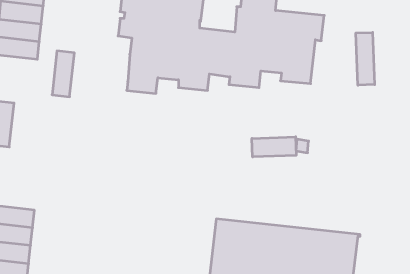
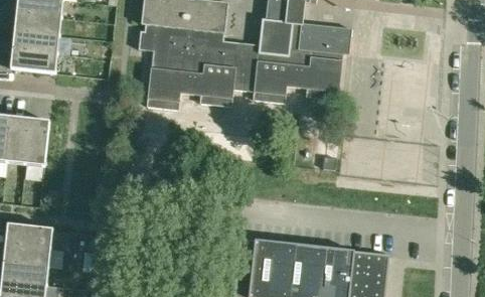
building: [356,32,375,85] -> none
building: [52,51,74,97] -> [25,118,48,165]
building: [252,137,296,157] -> none

